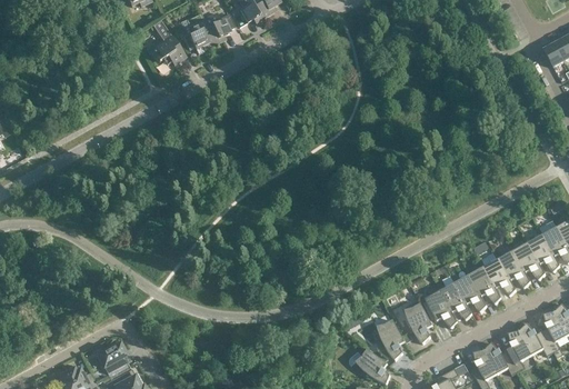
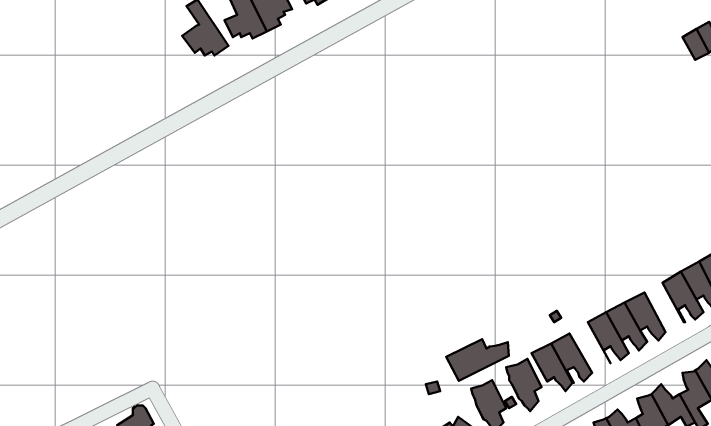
building: [513,241,545,280] -> none
building: [455,272,487,312] -> none
building: none -> [446,339,509,381]

